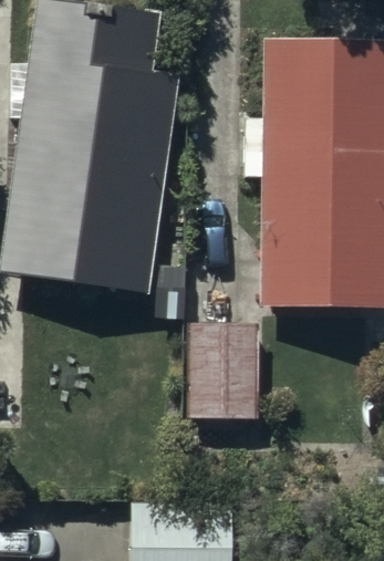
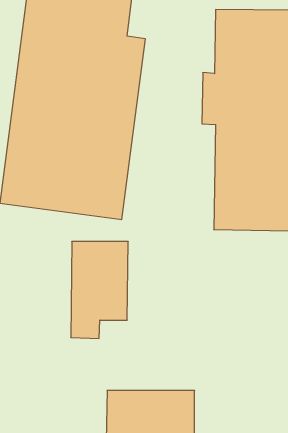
building: [189,324,259,441] -> [71,242,128,338]

